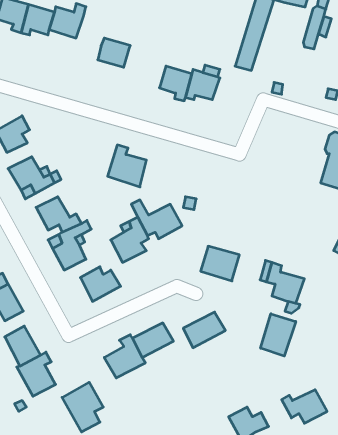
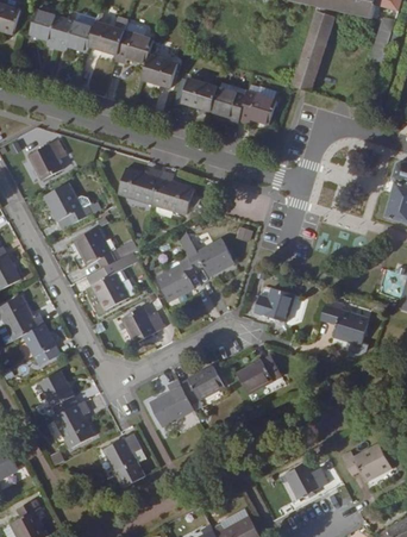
building: none -> [117,29,154,62]
building: none -> [180,76,217,108]
building: none -> [117,168,163,206]
building: [261,314,296,356] -> none

